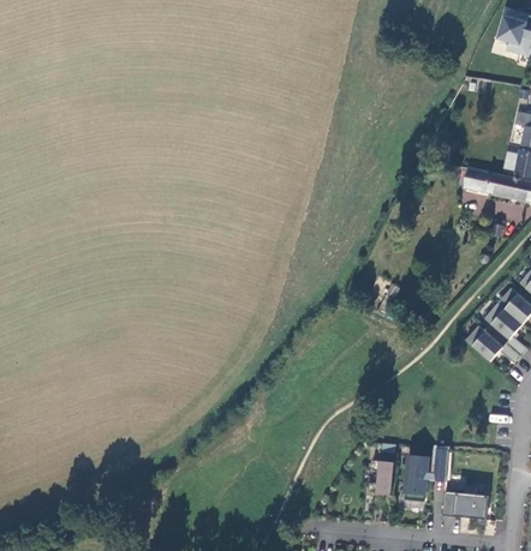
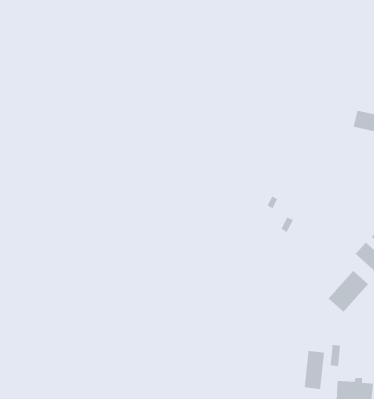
building: none -> [328,270,369,312]
building: [369,460,394,495] -> none

